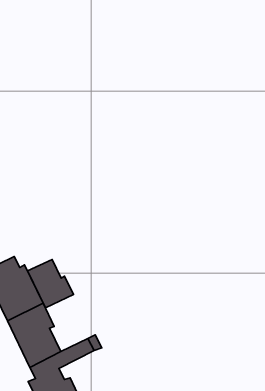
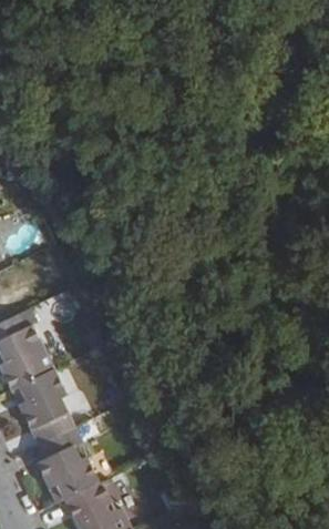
building: [27,260,74,308] -> none

